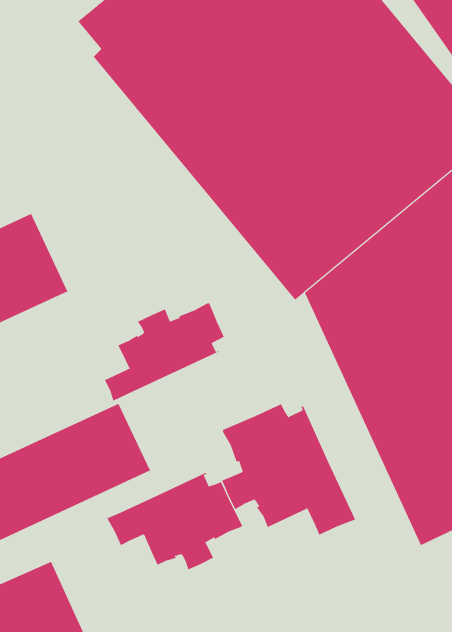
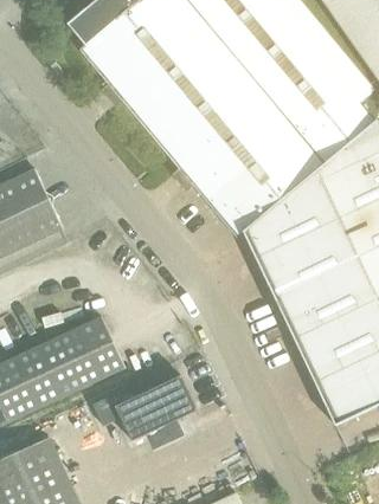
building: [104,302,225,402] -> none
building: [222,404,356,536] -> none

